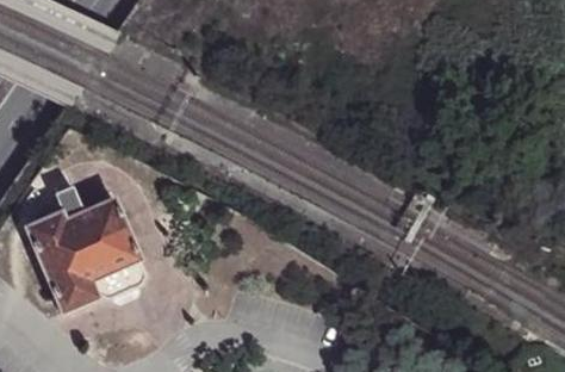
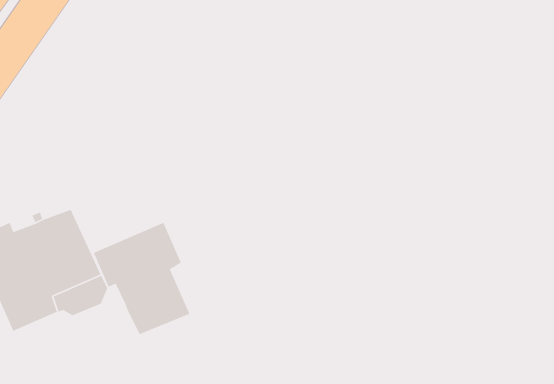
building: none -> [93,222,191,335]

